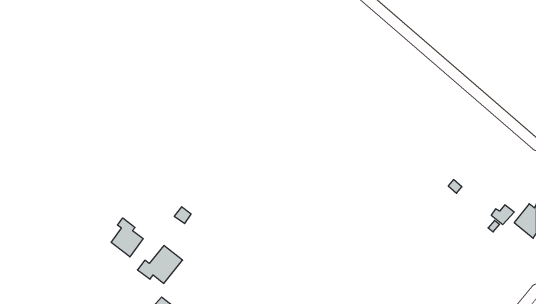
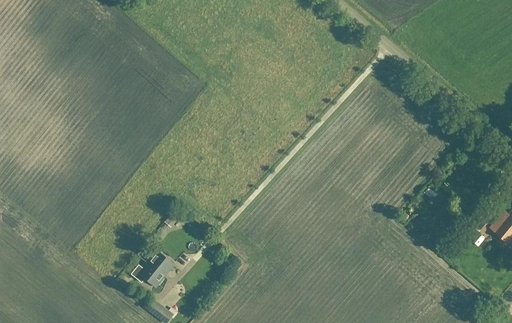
building: [111,218,143,257] -> none

